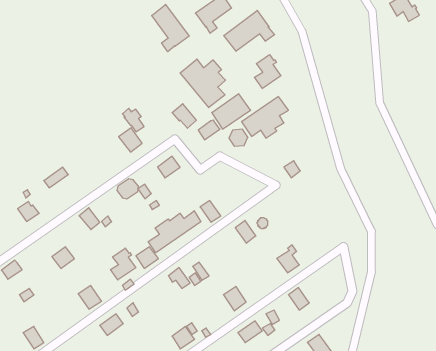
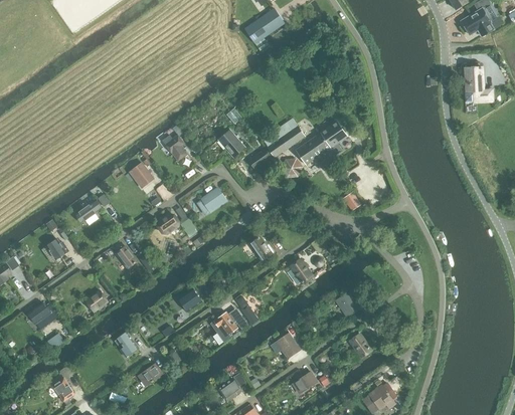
building: [152,4,189,52] -> none
building: [224,10,275,51] -> none
building: none -> [464,66,491,100]
building: [254,55,281,89] -> none
building: [180,59,226,108] -> none
building: [119,128,142,152] -> [128,161,154,188]
building: [148,211,201,253] -> none
building: [111,248,136,280] -> none

